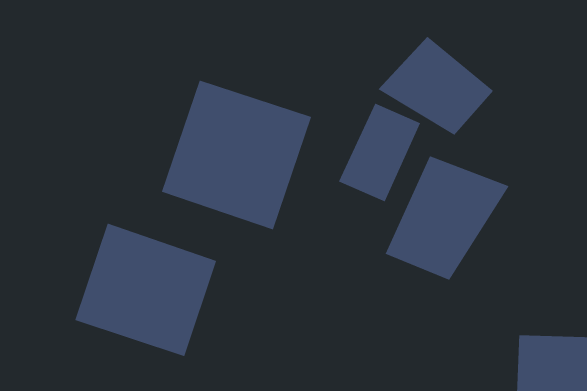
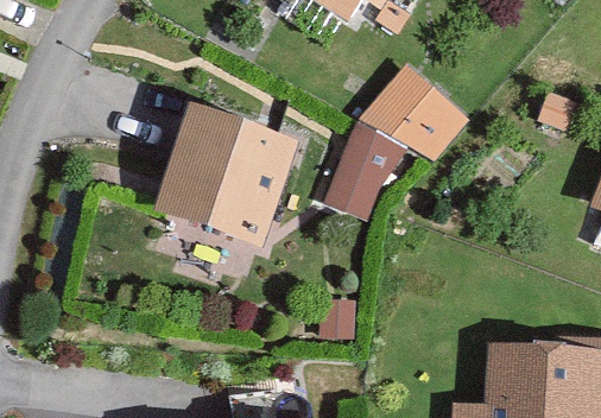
building: [385,155,510,281] -> none
building: [74,223,217,357] -> none

